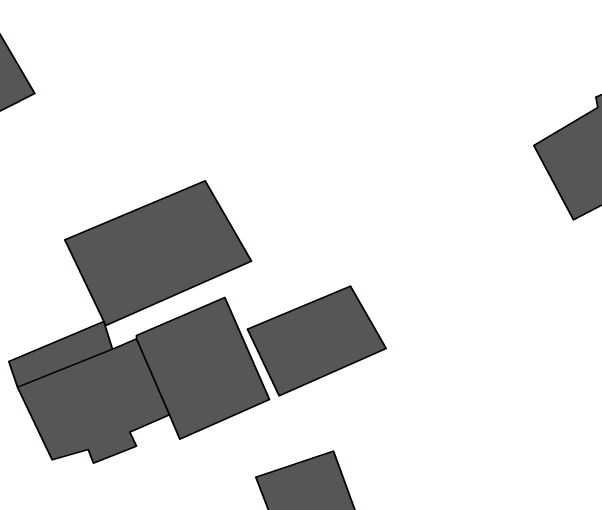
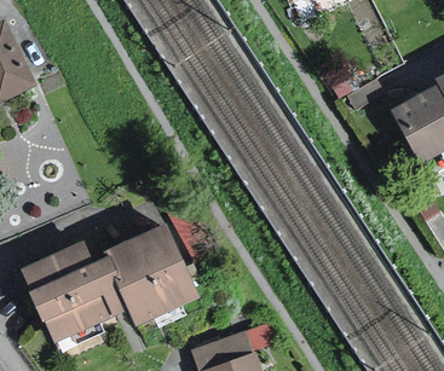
building: [65,181,252,326] -> none
building: [248,286,386,396] -> none

